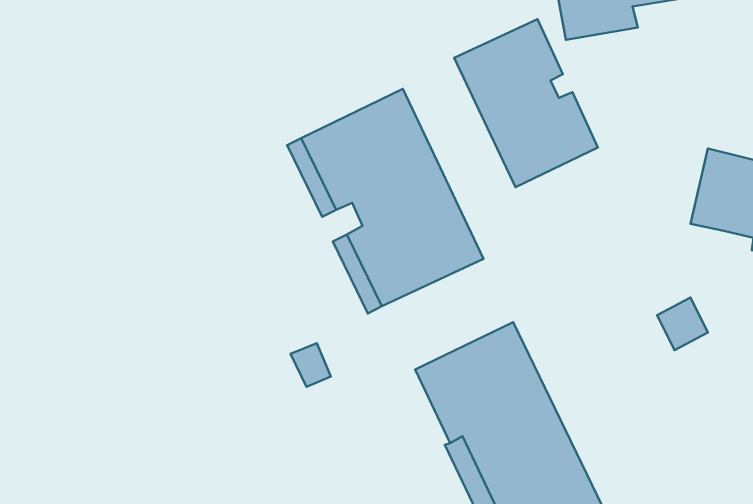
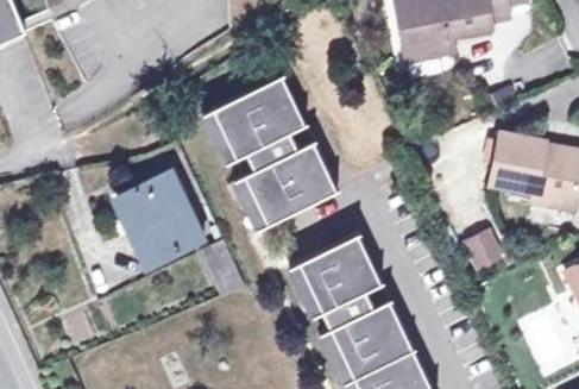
building: [454,19,598,187] -> none
building: none -> [113,163,200,258]

